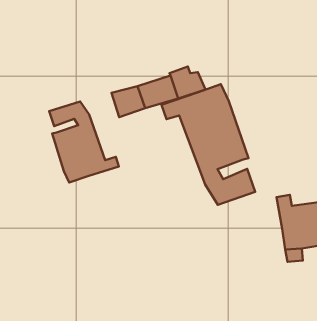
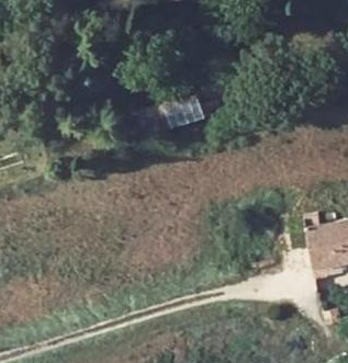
building: [161,84,255,205] -> none
building: [49,101,119,182] -> none

